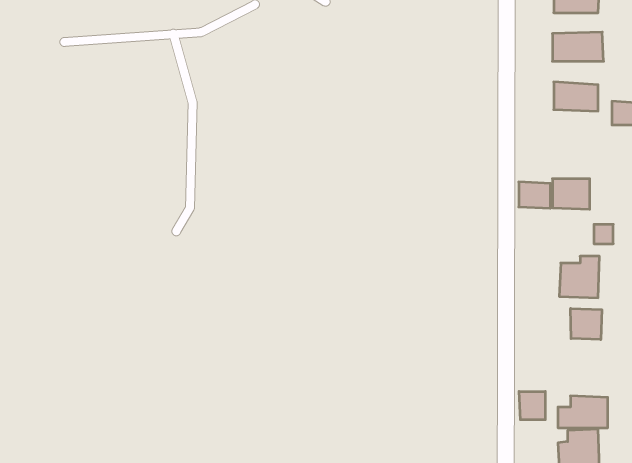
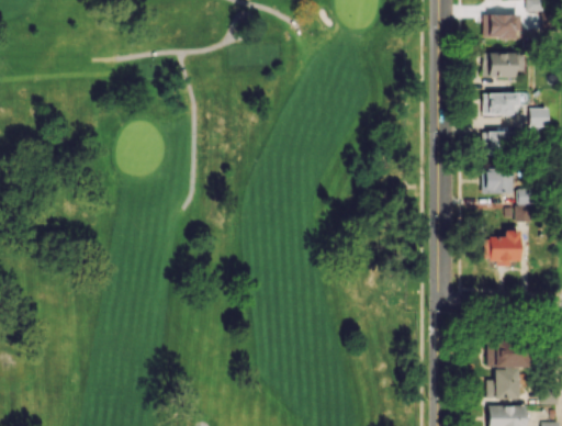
building: [519,182,550,208] -> [484,132,509,153]
building: [571,308,602,340] -> none
building: [519,391,545,420] -> none

